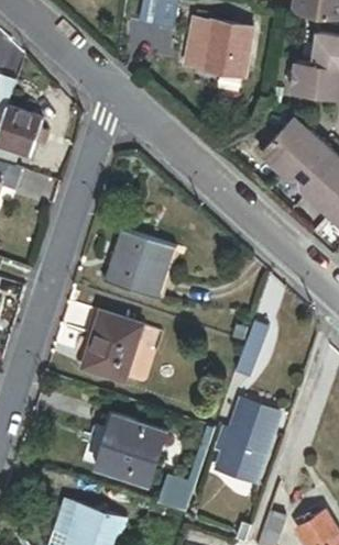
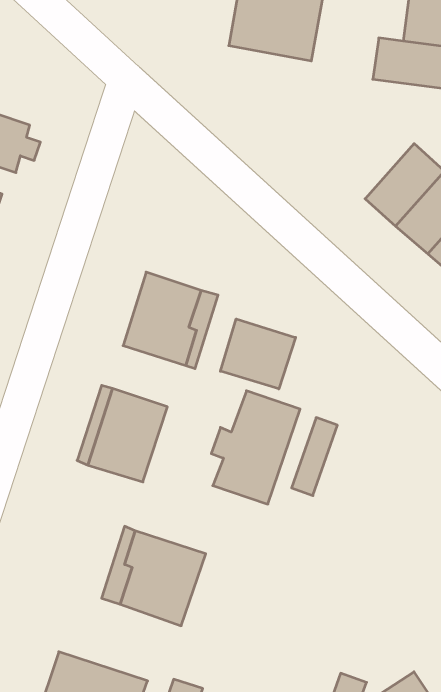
building: [259,116,318,177] -> none
building: none -> [220,319,296,389]
building: [215,411,278,492] -> [211,391,300,504]

